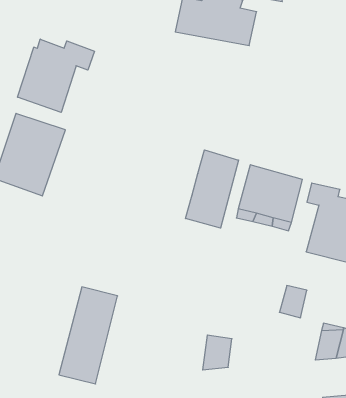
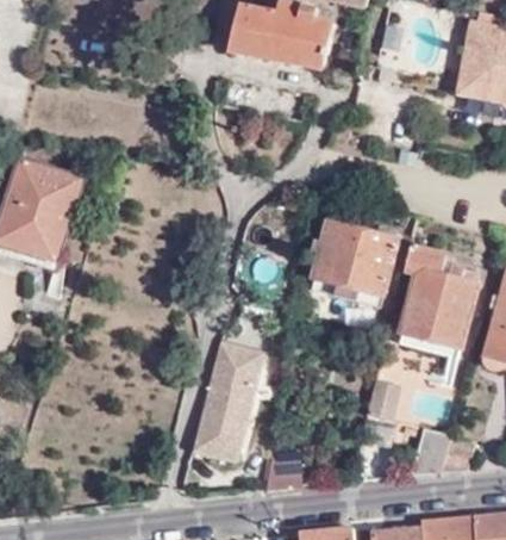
building: [18,39,95,112] -> none
building: [186,150,239,228] -> none
building: [59,287,118,384] -> [192,341,268,467]

